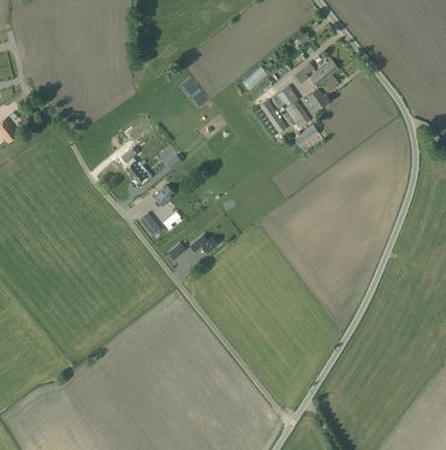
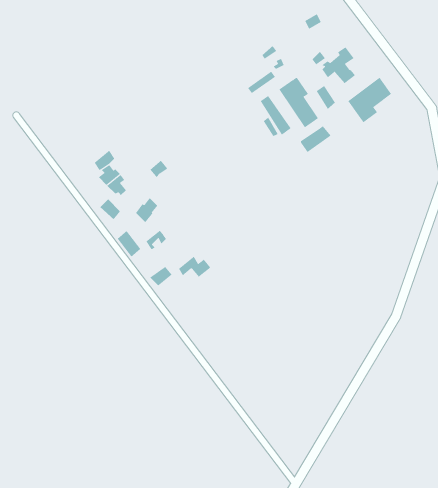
building: none -> [347,77,392,123]

